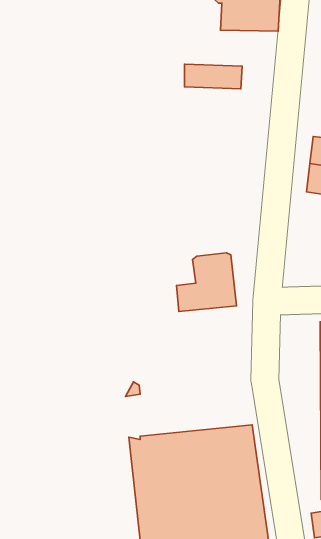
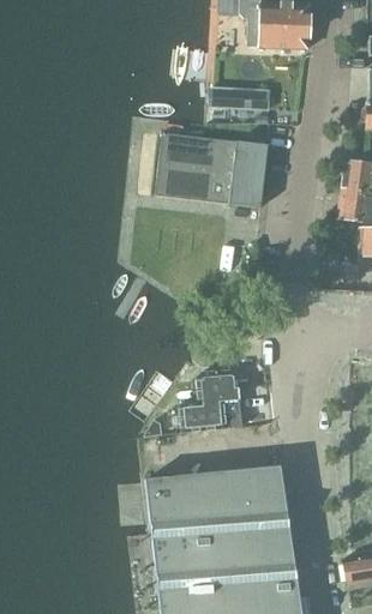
building: none -> [156,126,269,206]
building: [177,253,237,312] -> [180,369,244,432]

